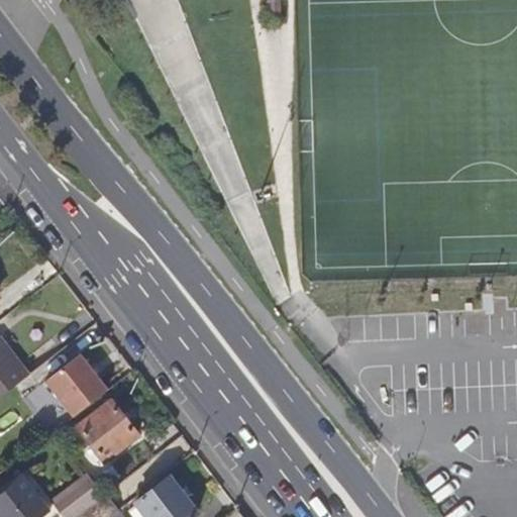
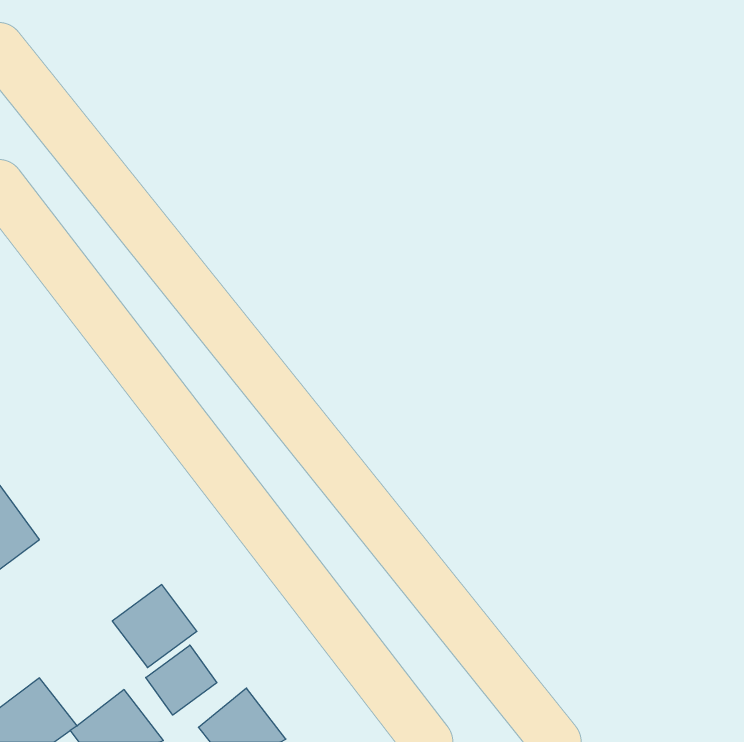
building: [44,354,106,416] -> none
building: none -> [146,645,217,715]

